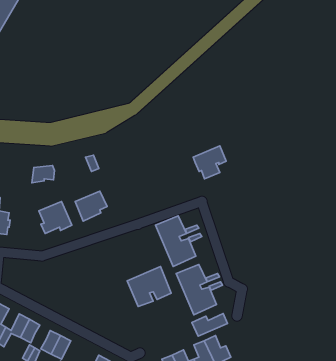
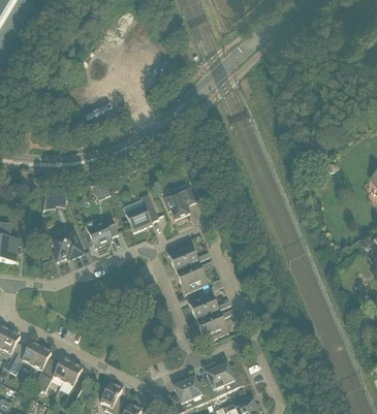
building: [193,146,226,179] -> [163,185,196,218]
building: none -> [125,193,159,231]
building: [127,267,171,307] -> none
building: [192,314,228,336] -> none

